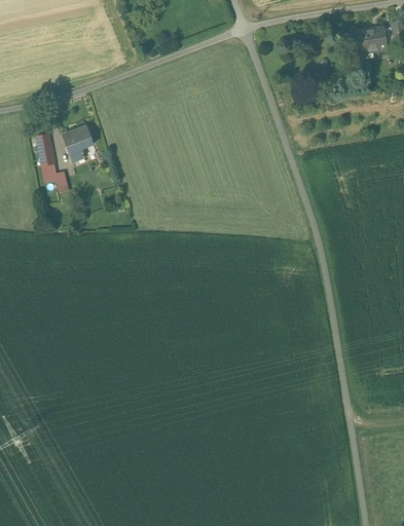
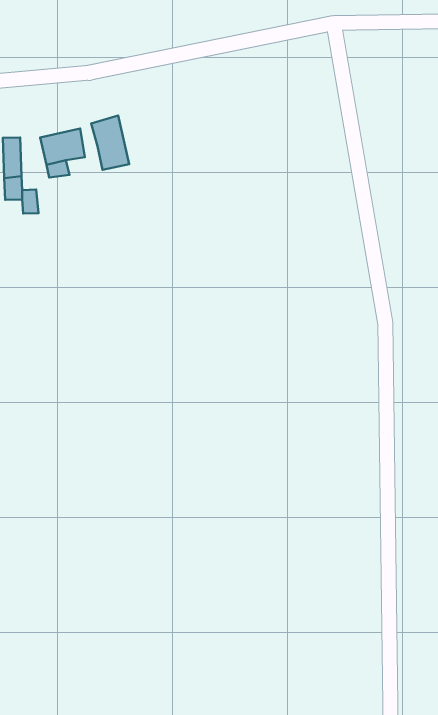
building: none -> [91,115,129,170]

